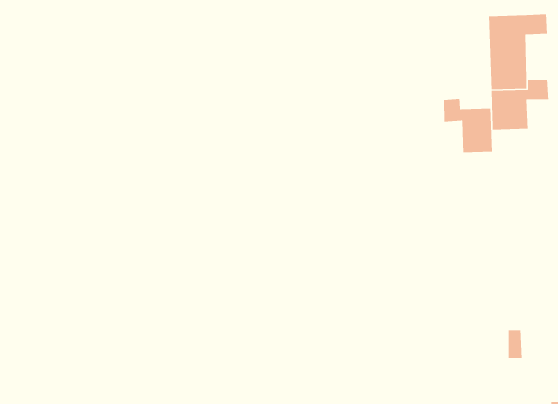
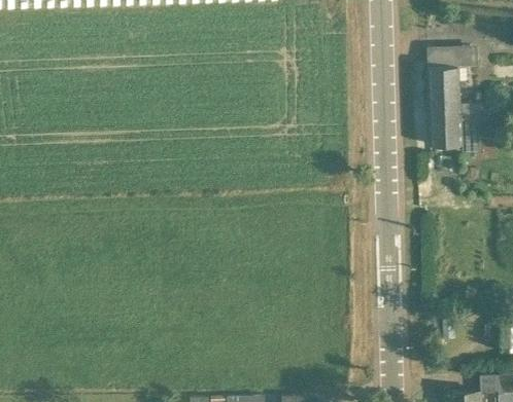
building: [443,98,493,153] -> none

